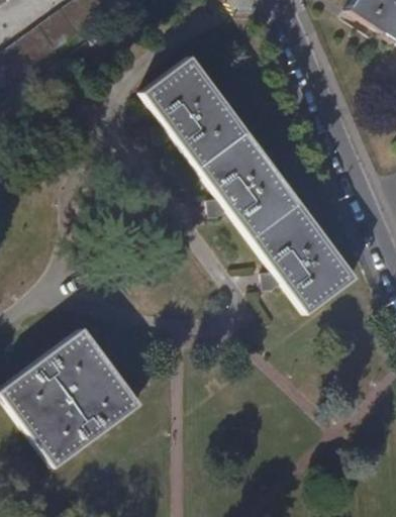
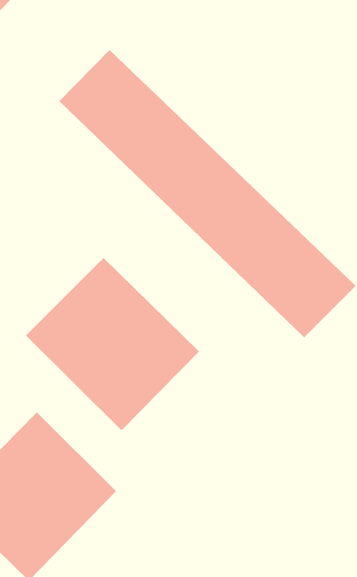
building: none -> [25,257,200,431]

